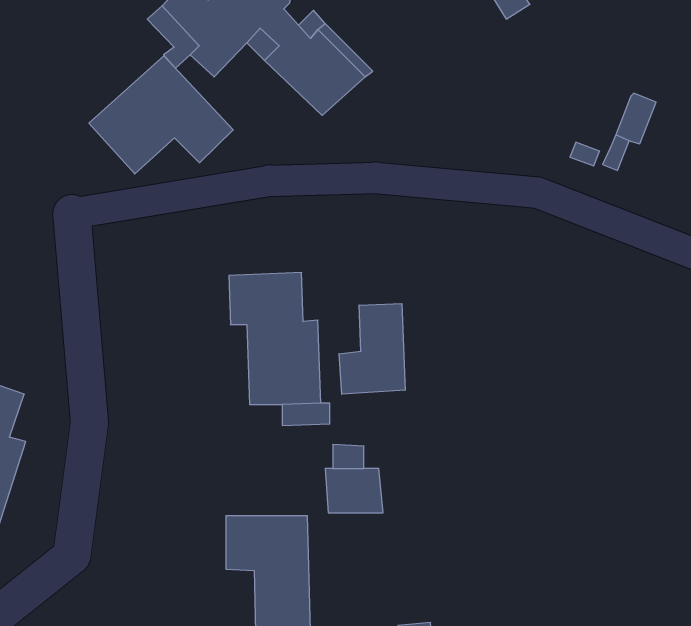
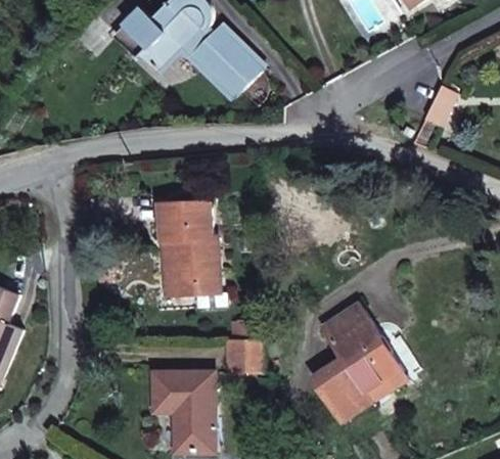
building: [89,56,233,174] -> none
building: [339,304,405,394] -> none
building: none -> [309,303,397,420]

